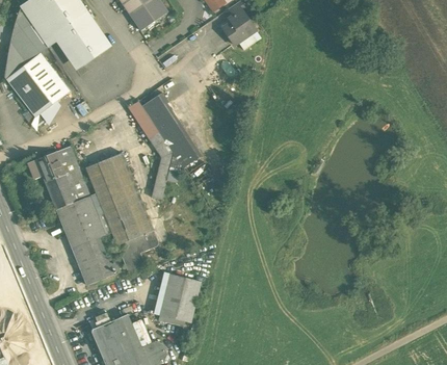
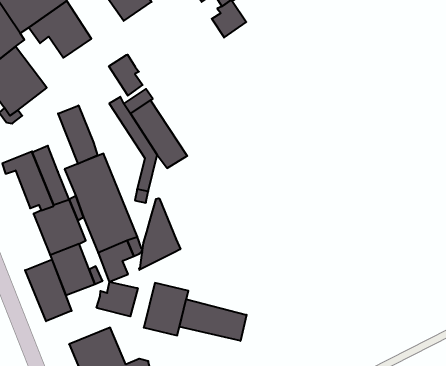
building: none -> [109,55,143,96]
building: none -> [58,105,98,164]
building: none -> [139,198,180,270]
building: none -> [25,260,72,321]
building: none -> [97,282,138,316]
building: none -> [179,299,247,341]

